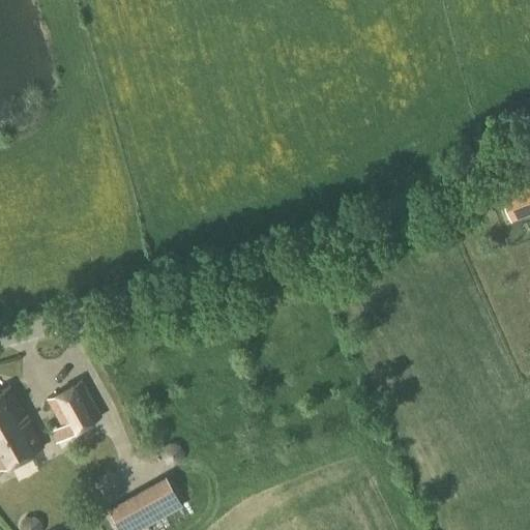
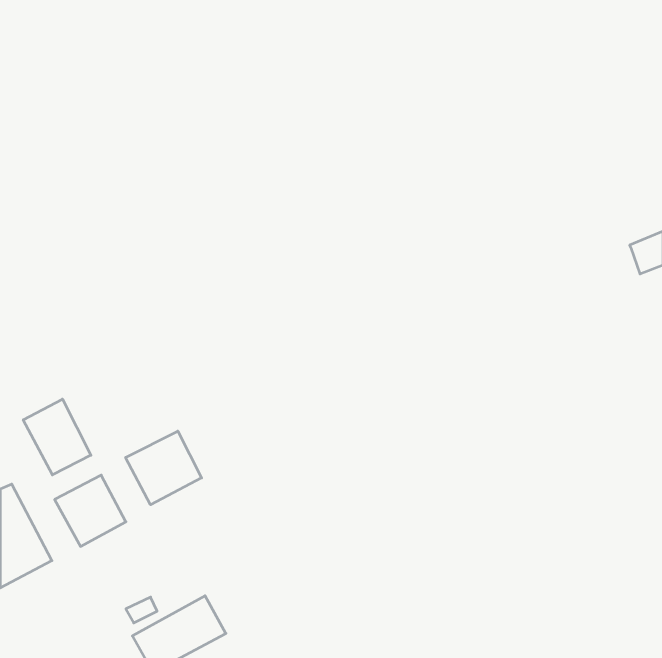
building: none -> [23,399,91,475]
building: none -> [126,431,202,505]

